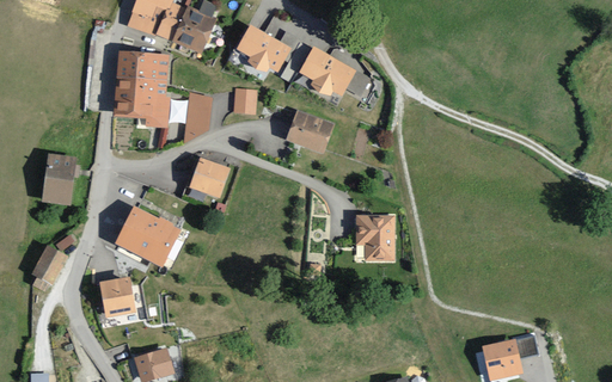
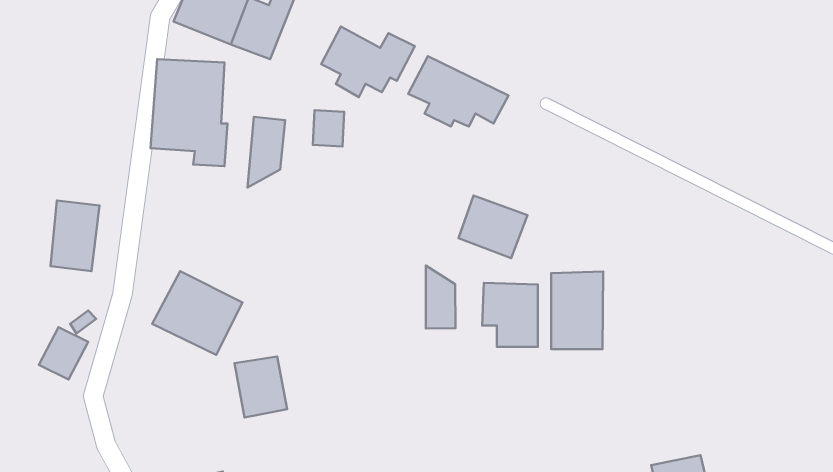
building: [284,109,335,154] -> [459,196,528,258]
building: [192,160,233,199] -> none
building: none -> [426,266,455,329]
building: none -> [551,271,603,349]
building: [98,275,136,319] -> [235,357,287,417]

